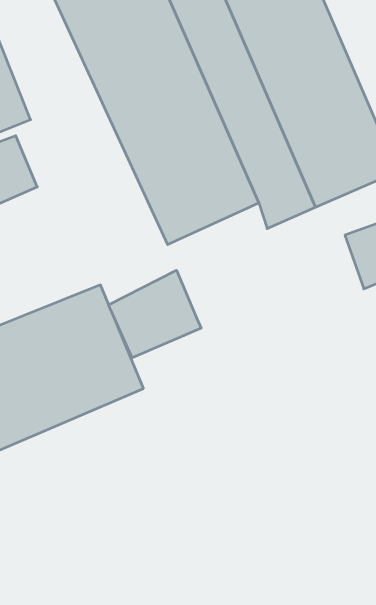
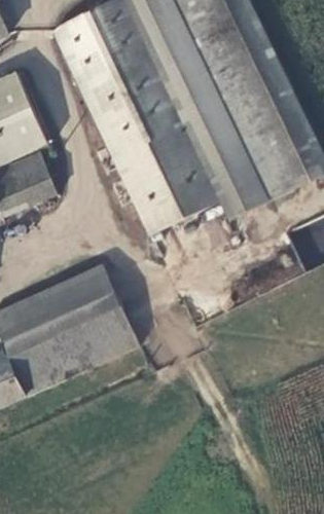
building: [109,270,201,358] -> none

